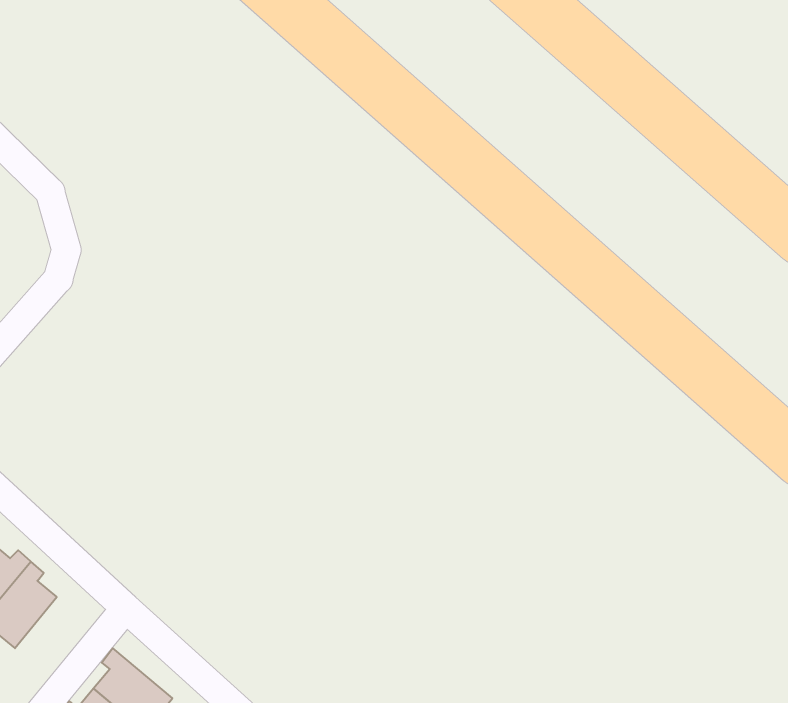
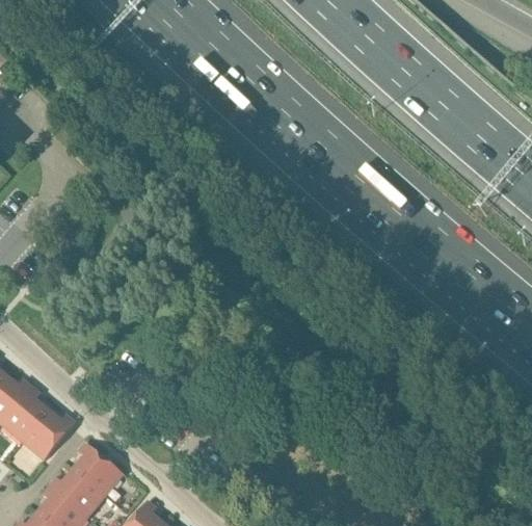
building: none -> [21,411,75,463]

